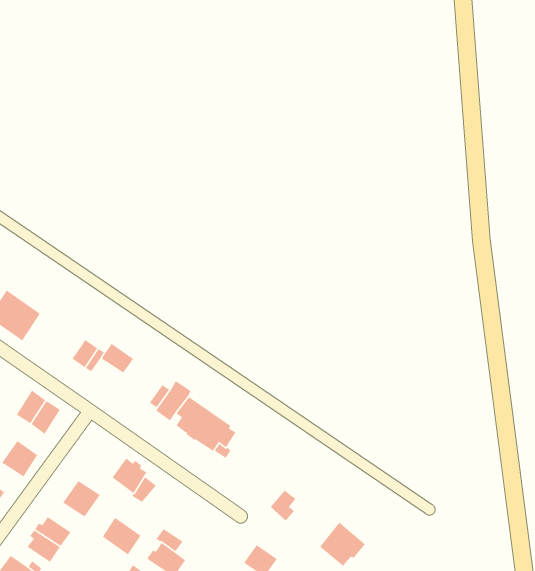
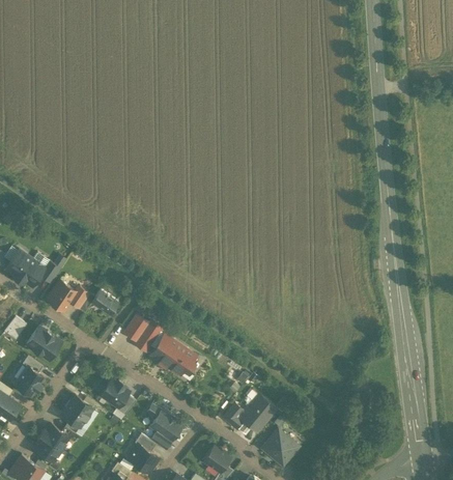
building: none -> [48,280,77,310]
building: none -> [239,394,276,431]
building: [102,517,142,556] -> [151,411,182,441]

